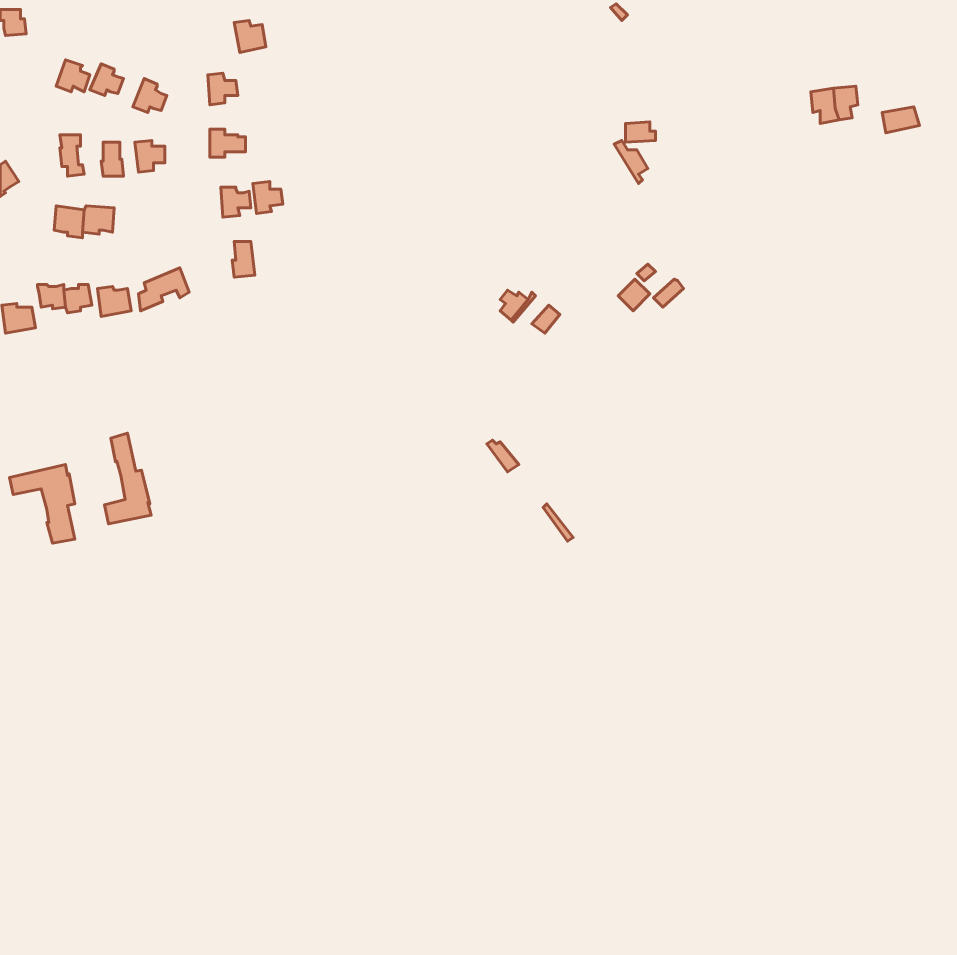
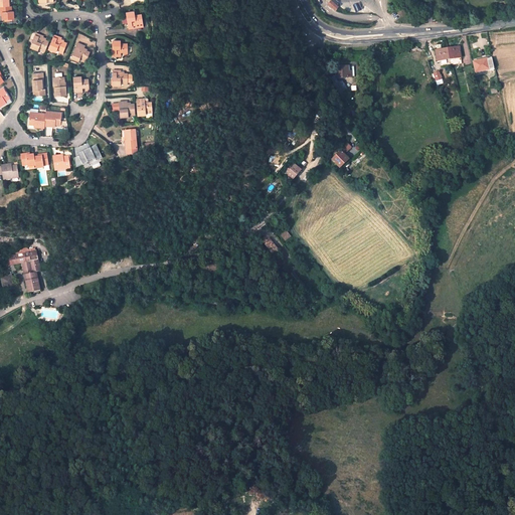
building: [104,433,151,524] -> none

